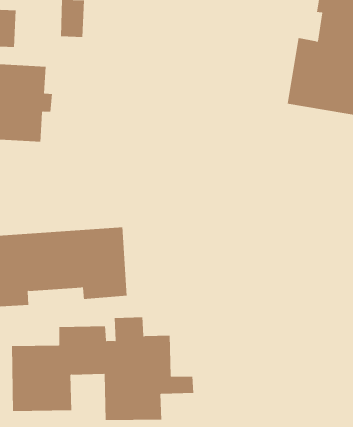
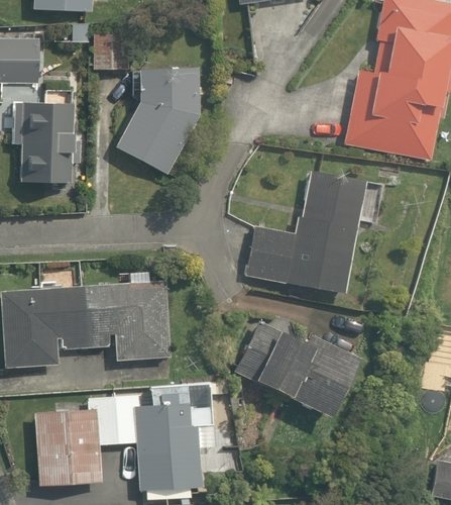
building: none -> [117,71,209,173]
building: none -> [241,171,366,293]
building: none -> [231,320,366,419]

